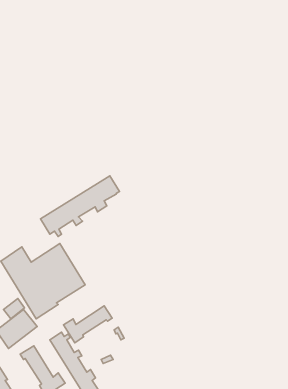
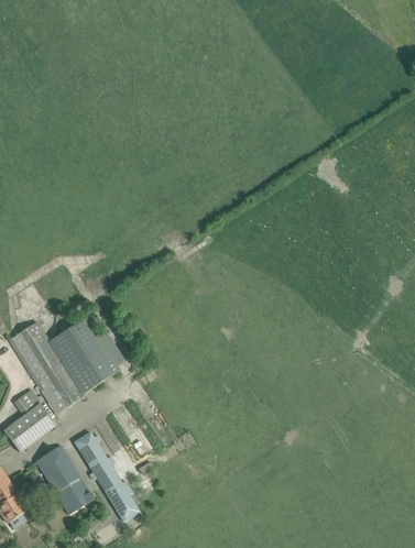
building: [41,176,119,237] -> none
building: [64,306,112,343] -> none

